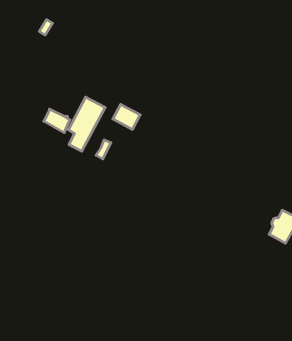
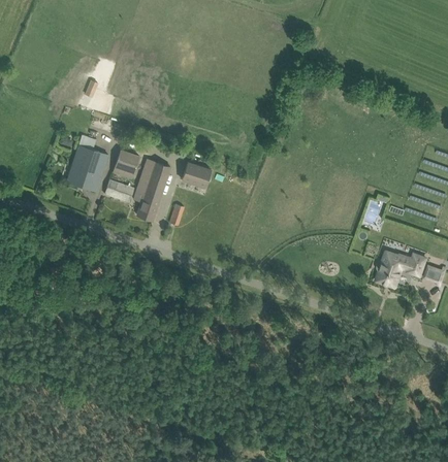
building: none -> [67,139,108,191]
building: none -> [113,148,139,178]

